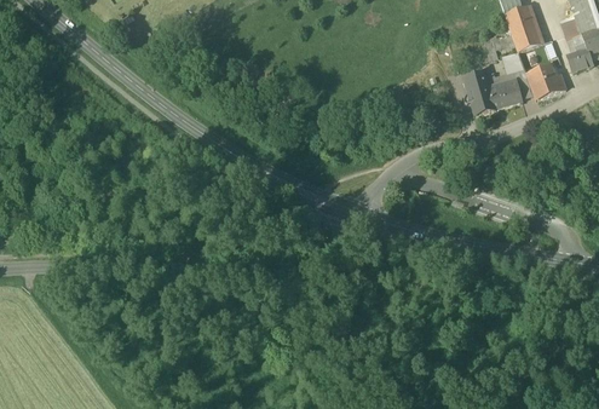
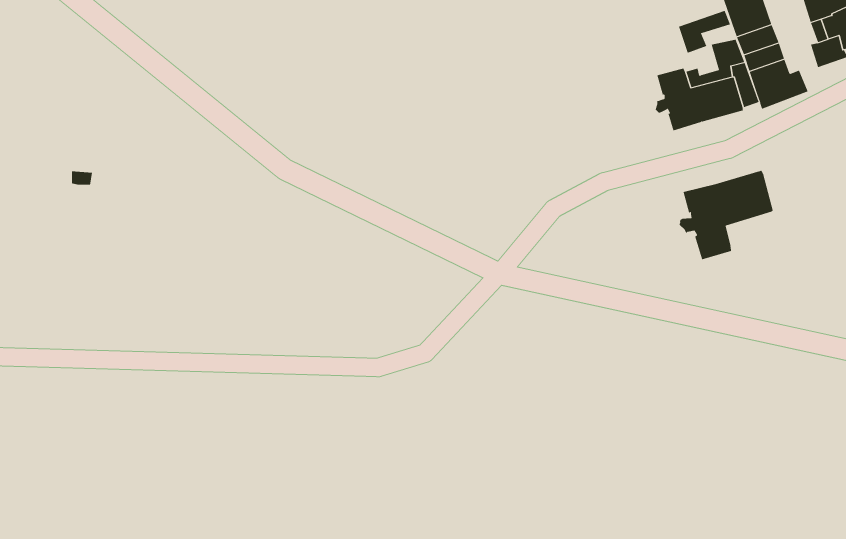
building: none -> [679,169,774,260]

